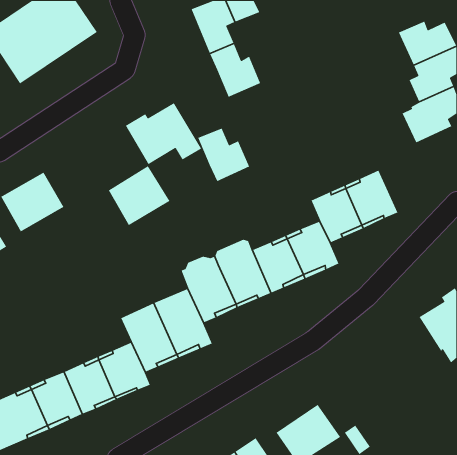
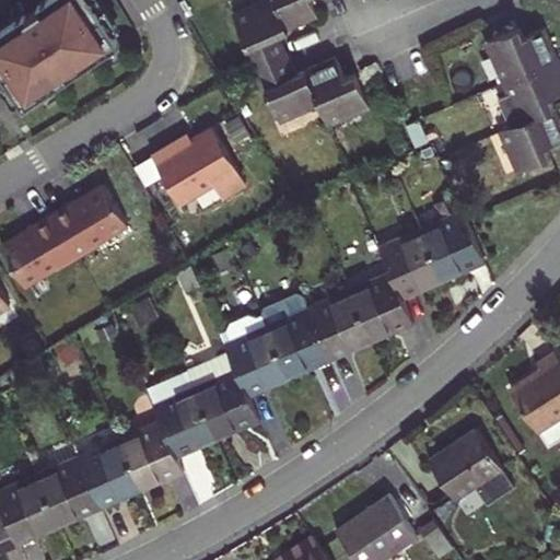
building: [197,127,250,182] -> [304,60,369,127]
building: [108,165,171,226] -> [54,183,130,257]
building: none -> [428,430,508,513]

